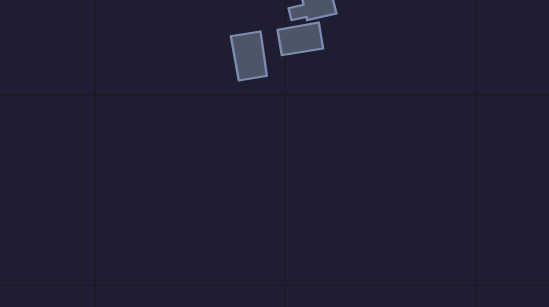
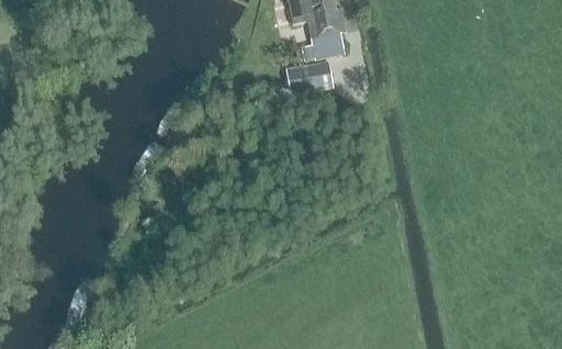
building: [231,31,267,80] -> none

